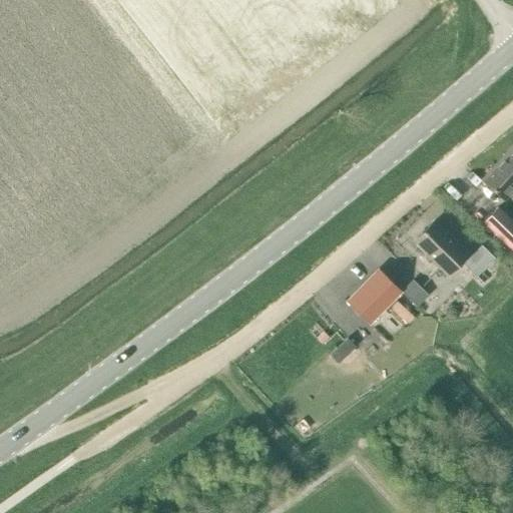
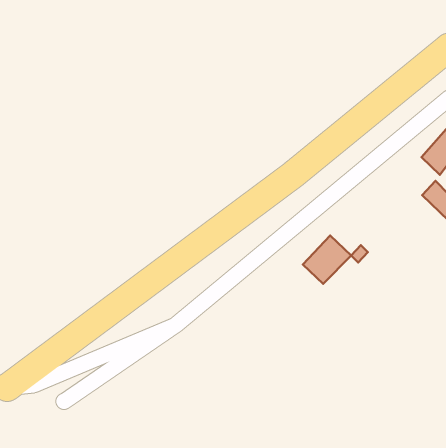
building: [417,222,496,278] -> none

